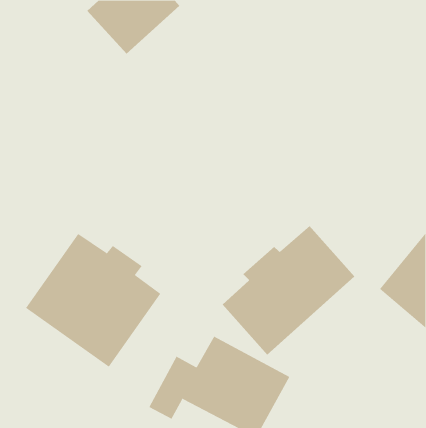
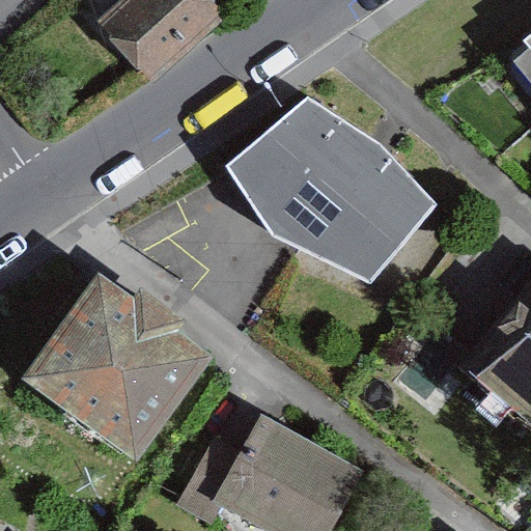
building: none -> [228,101,431,283]
building: [222,225,355,355] -> none

